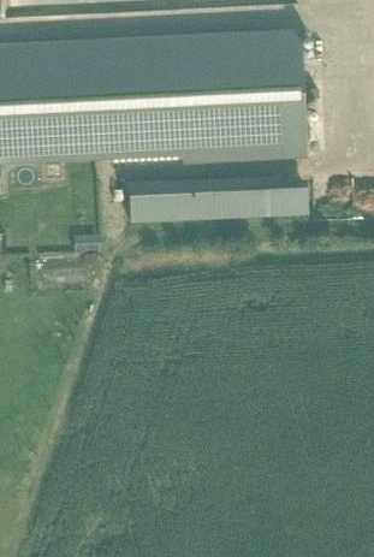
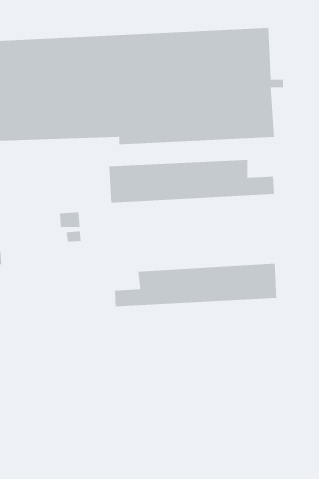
building: none -> [115,263,277,307]

